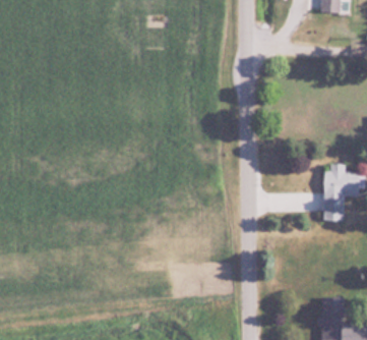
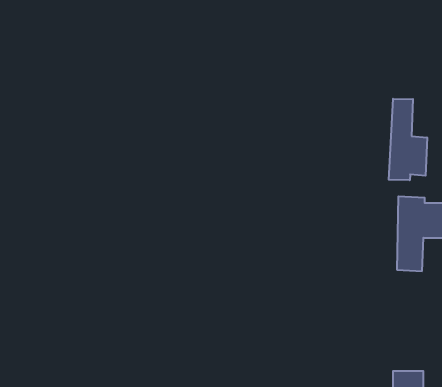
building: none -> [389,99,427,180]

